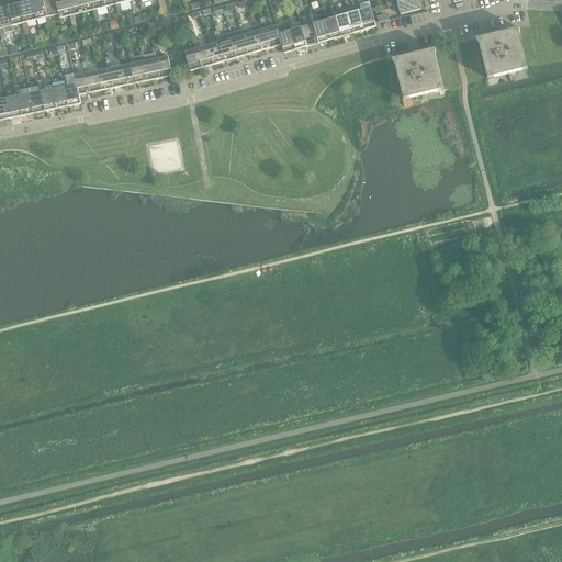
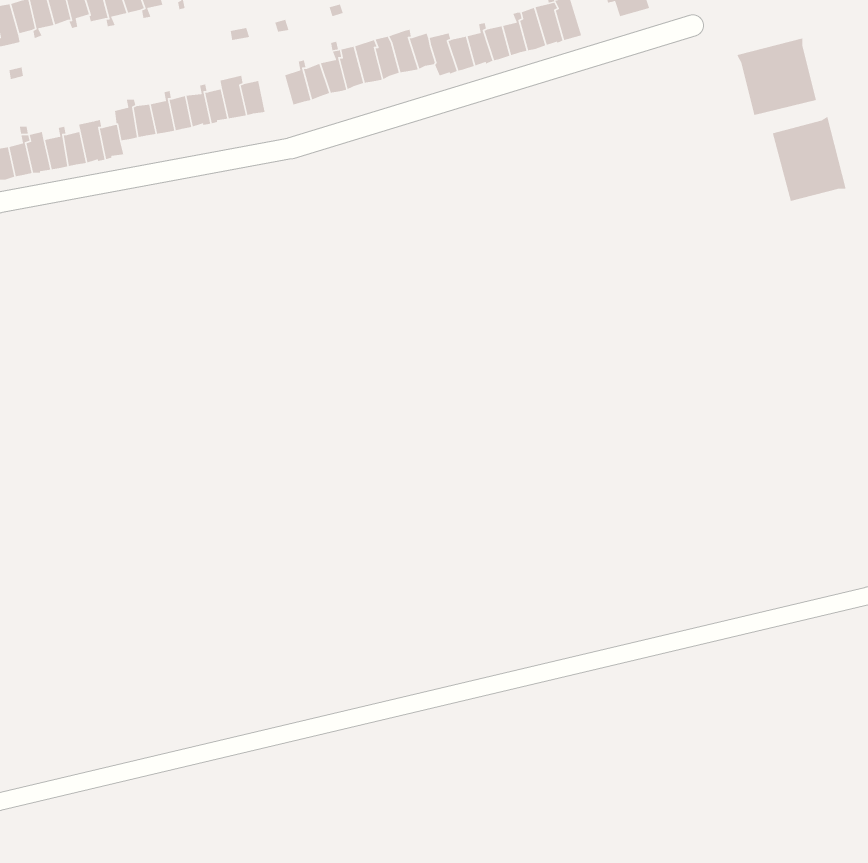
building: [391,45,442,95] -> none
building: none -> [772,116,847,202]

